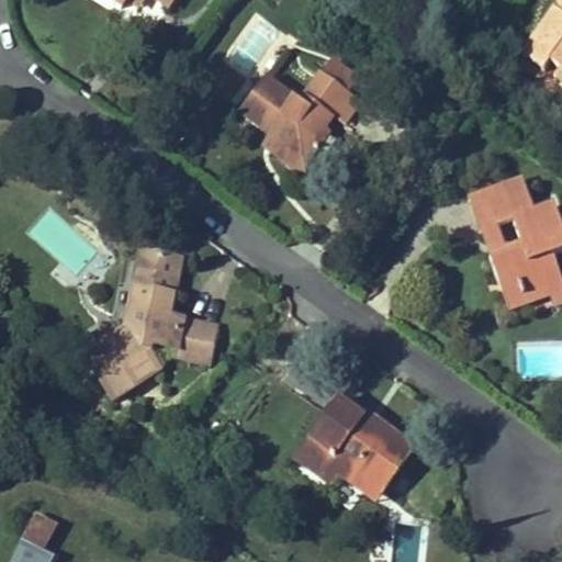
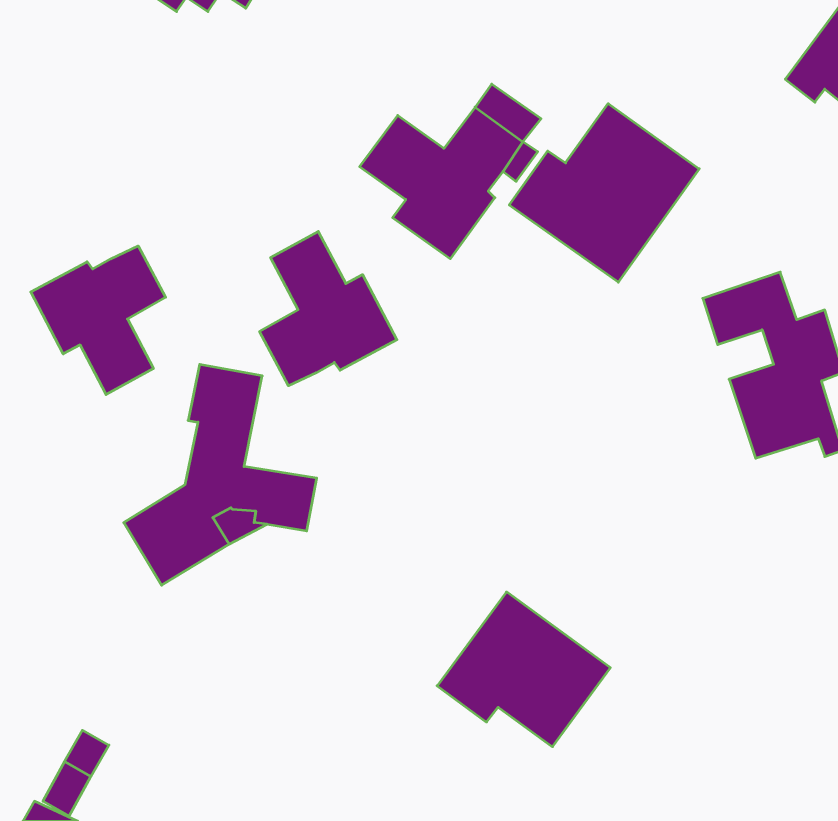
building: none -> [509,104,699,282]
building: none -> [260,231,397,386]
building: none -> [31,246,166,395]

